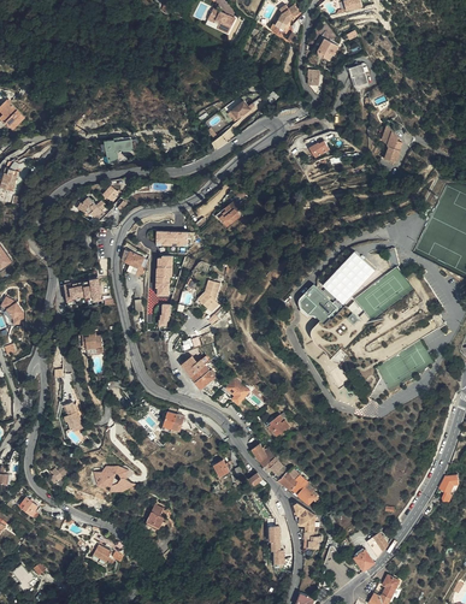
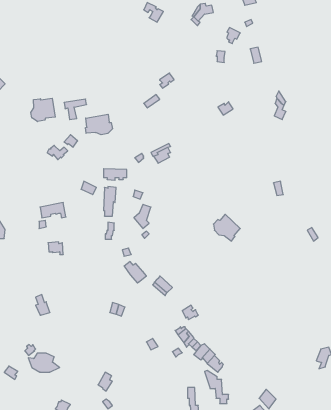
building: none -> [31,98,55,122]
building: none -> [86,114,112,135]
building: [322,250,373,303] -> none
building: [93,466,135,491] -> [28,353,60,372]

